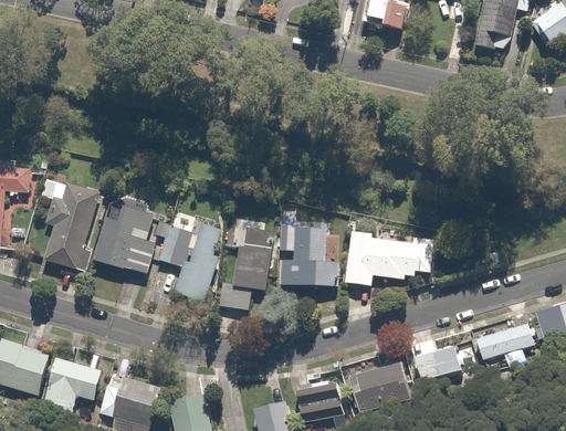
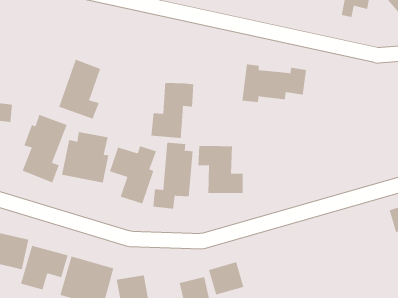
building: none -> [58,59,101,120]
building: none -> [151,82,194,139]
building: [346,231,434,283] -> [241,64,307,102]
building: [471,314,536,362] -> none
building: [412,346,464,381] -> none
building: [352,356,413,412] -> none

